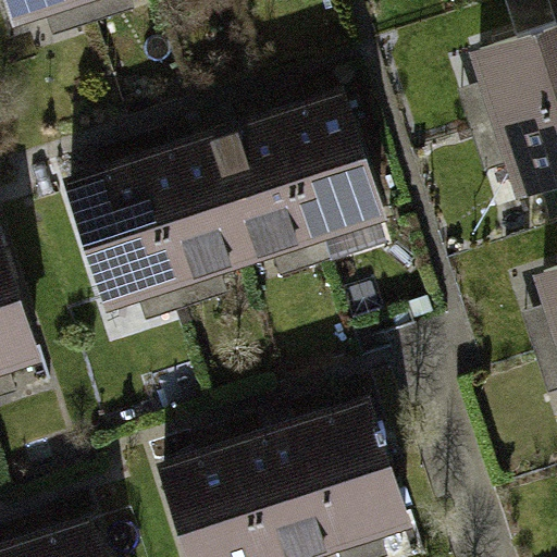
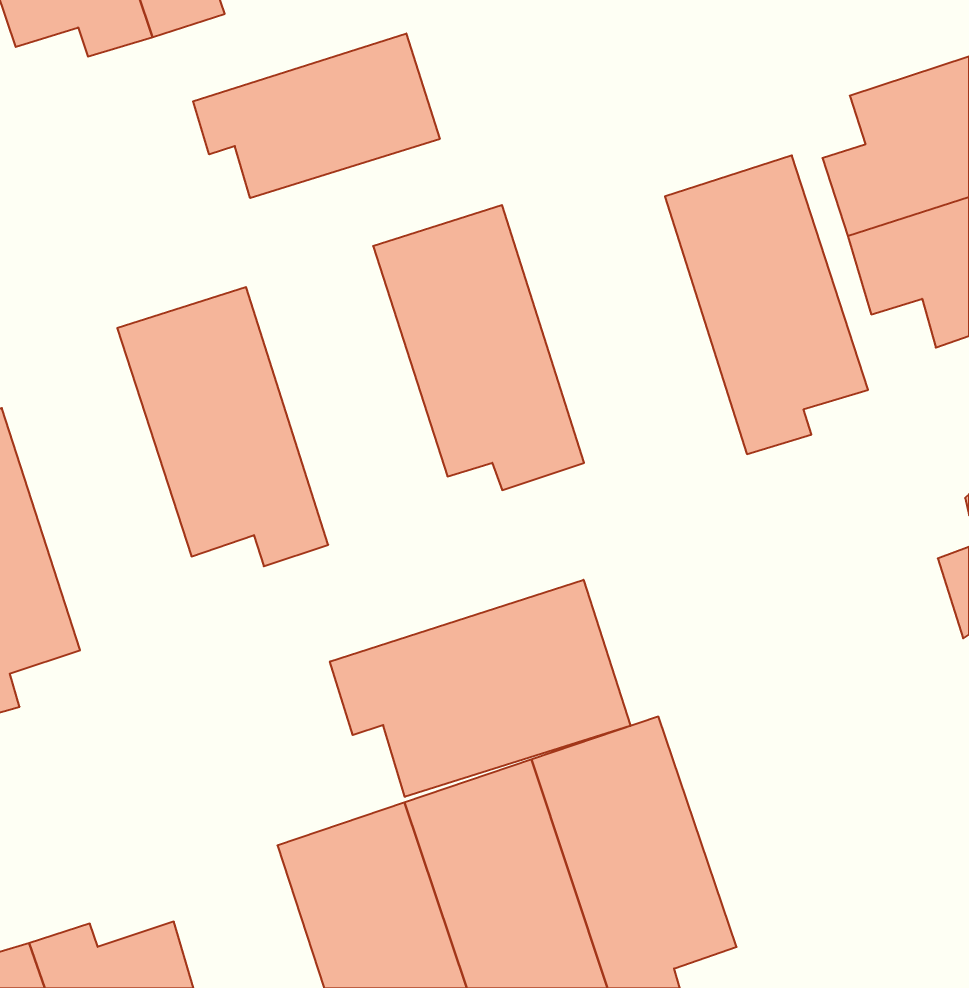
building: none -> [193,33,440,198]
building: [280,91,393,258] -> [665,155,868,454]
building: [137,137,249,304] -> none
building: none -> [330,580,631,797]

